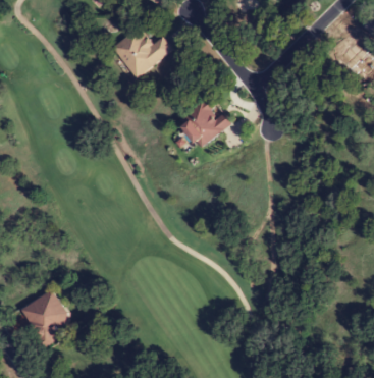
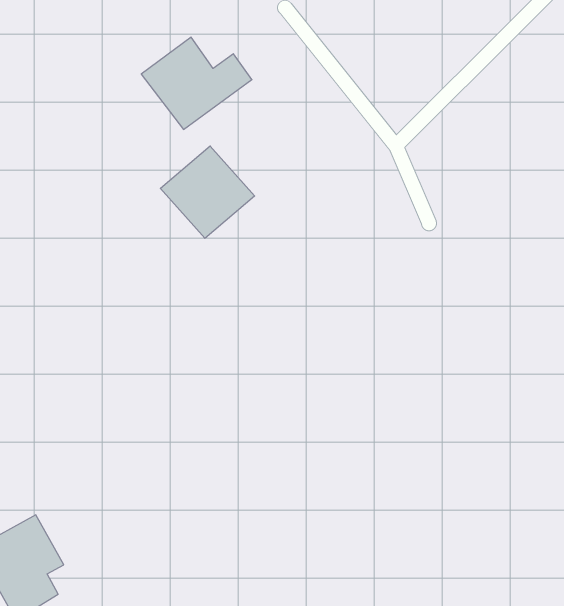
building: [178,97,230,148] -> [160,146,255,238]

